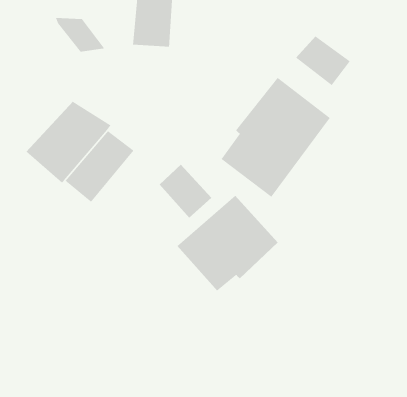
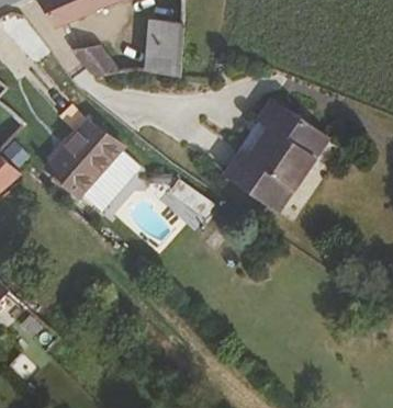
building: [295,36,351,86] -> none
building: [176,195,278,291] -> none

